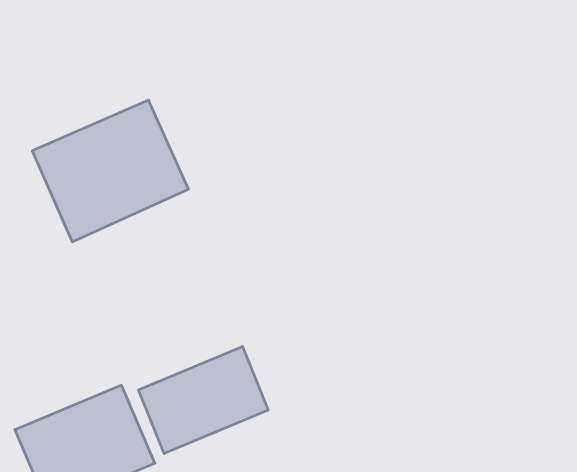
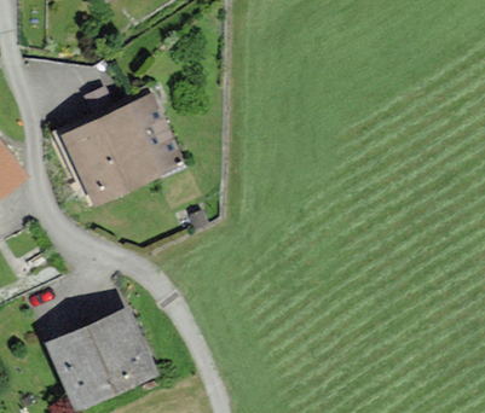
building: [138,346,268,454] -> none

